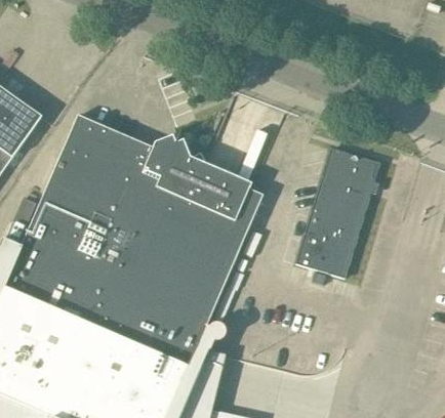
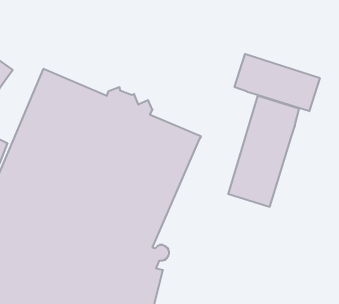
building: none -> [235,54,320,111]

